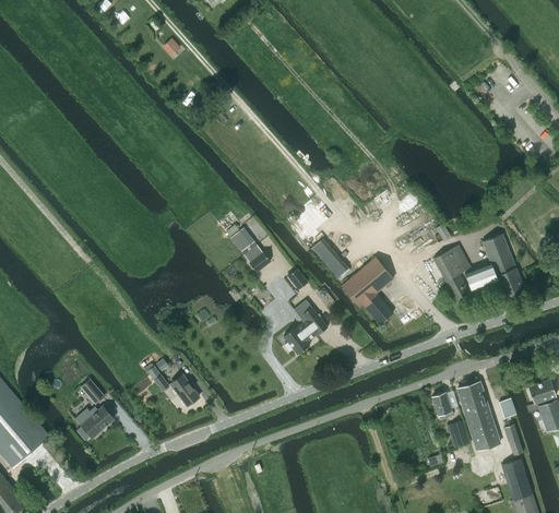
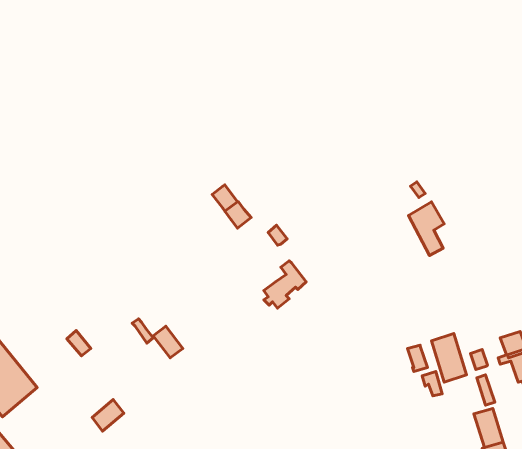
building: [465,234,526,301] -> none
building: [310,238,348,278] -> none
building: [342,258,393,324] -> none
building: [81,405,114,438] -> [92,400,124,431]
building: [471,423,500,450] -> none

